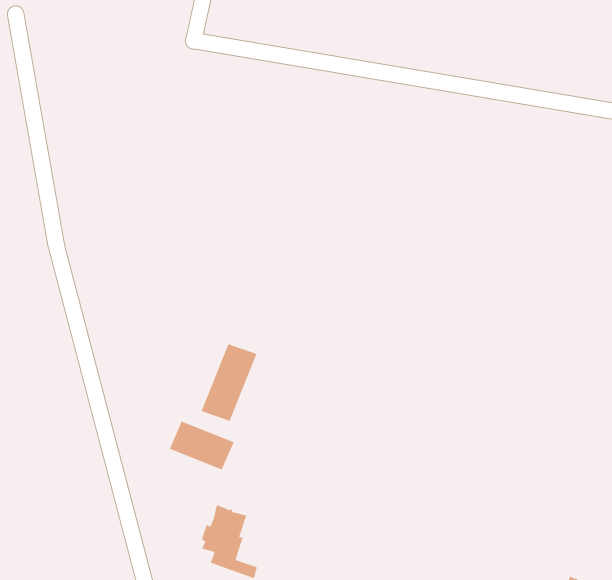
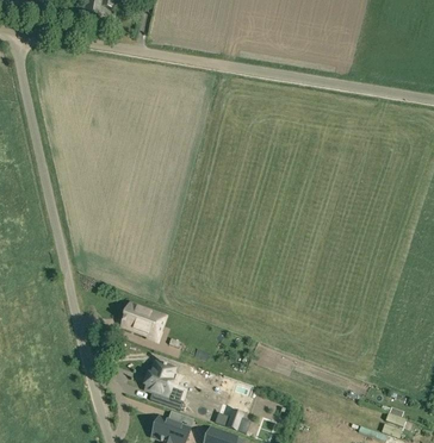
building: [201,343,257,422] -> none

